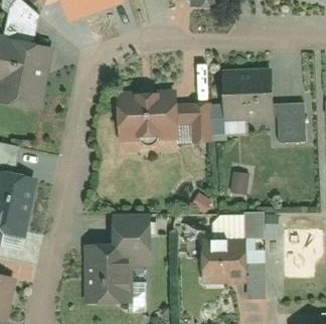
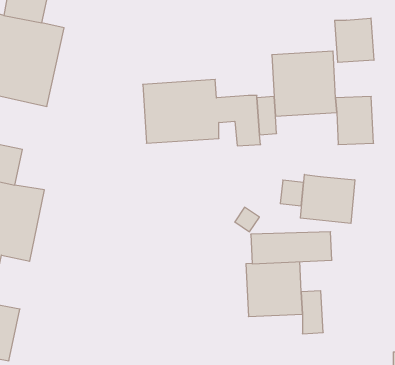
building: none -> [335,18,374,62]
building: none -> [300,174,355,223]
building: [84,215,155,302] -> none

